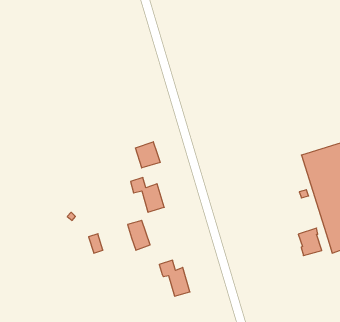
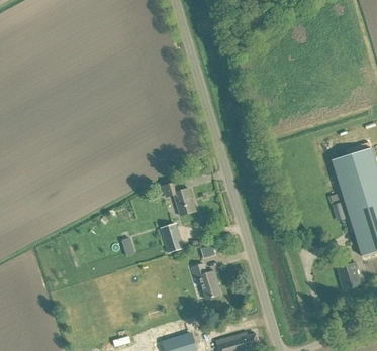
building: [135,142,160,168] -> none
building: [298,228,322,256] -> [338,262,361,289]

